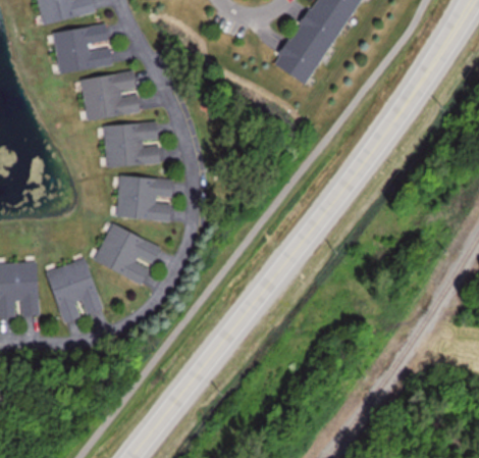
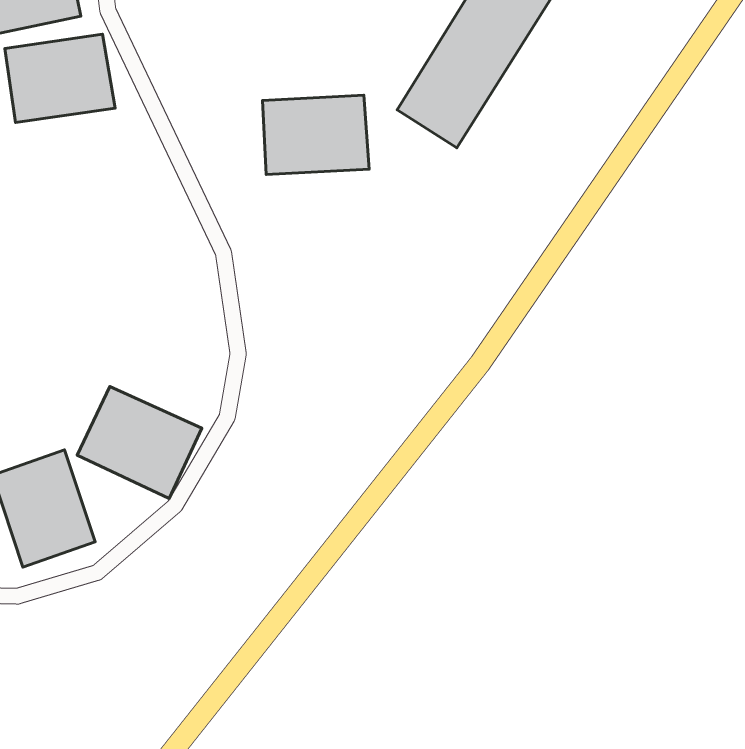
building: [78,71,141,120] -> none
building: [101,122,161,167] -> [263,95,369,175]
building: [113,174,173,220] -> none

